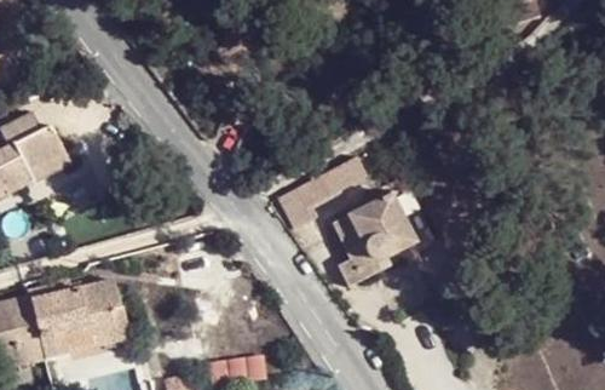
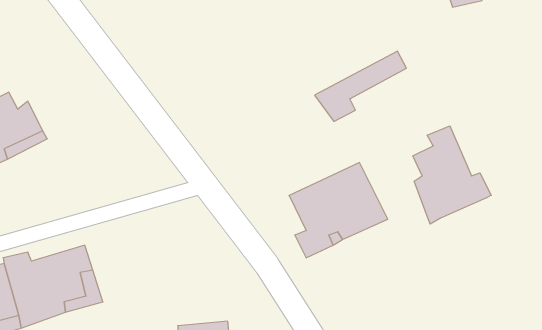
building: none -> [413,126,491,224]
building: [264,159,362,234] -> [315,51,406,121]

